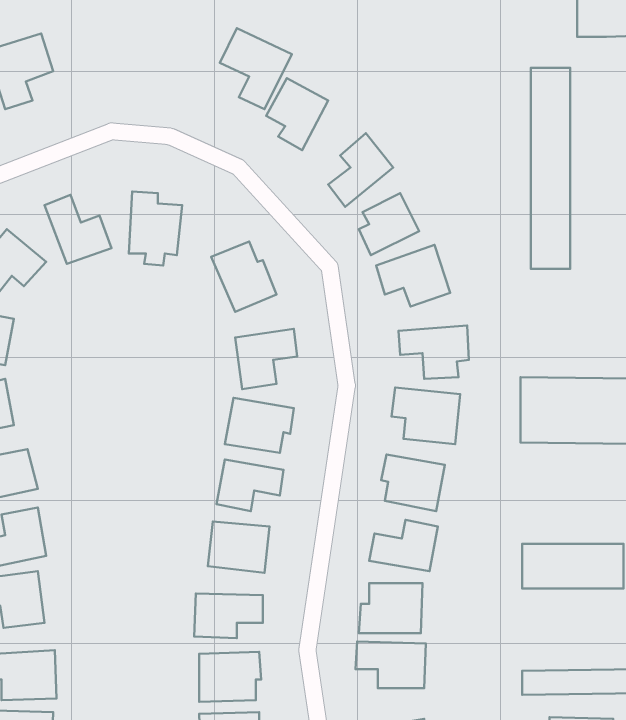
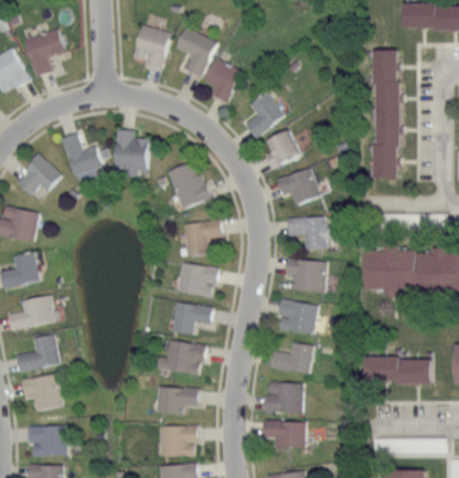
building: none -> [132,24,173,71]

